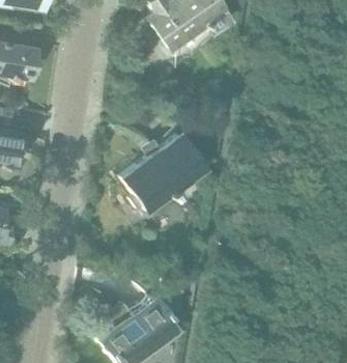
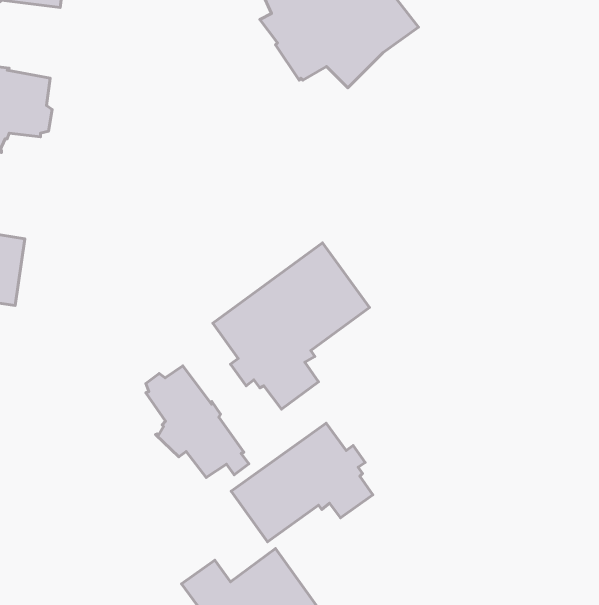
building: none -> [146,366,249,477]
building: none -> [231,423,373,542]

